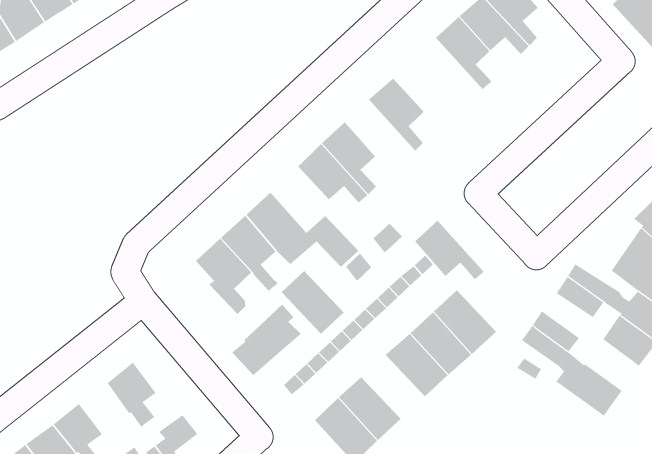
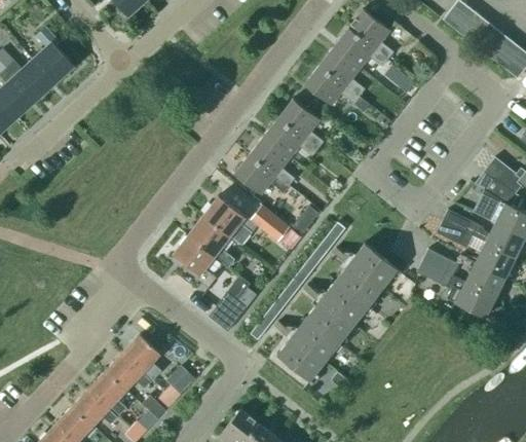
building: none -> [305,65,369,112]
building: [414,220,485,280] -> [264,117,318,157]
building: [281,270,344,334] -> [306,299,354,343]
building: none -> [465,262,505,297]
building: none -> [106,353,152,390]

